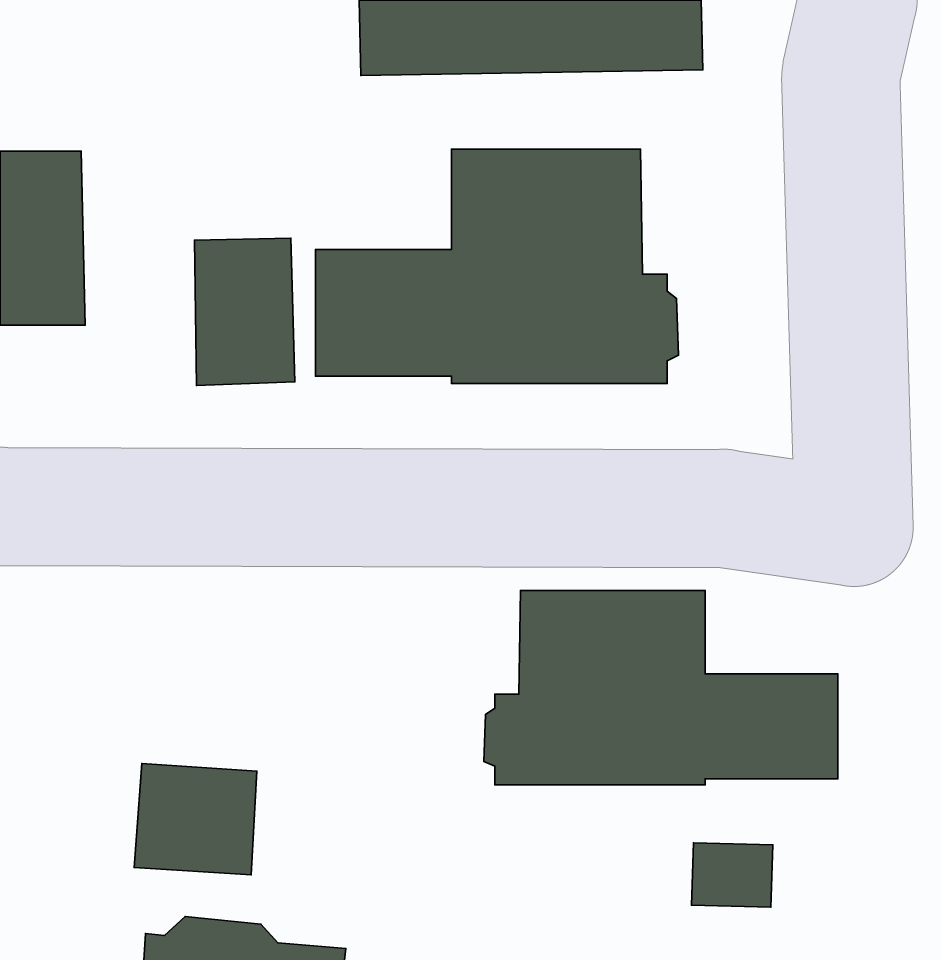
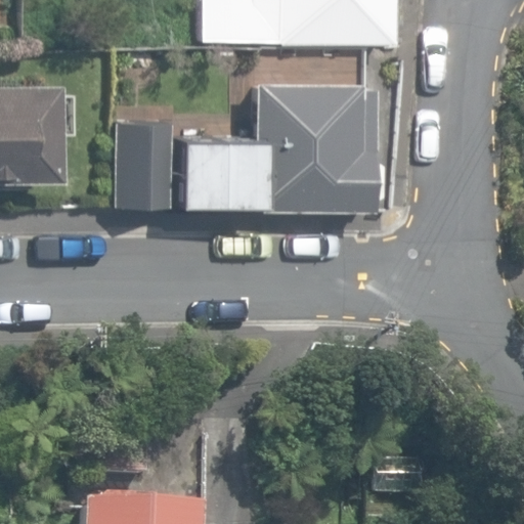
building: [484,591,838,785] -> none

